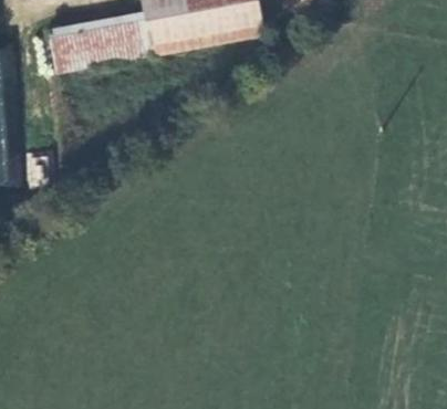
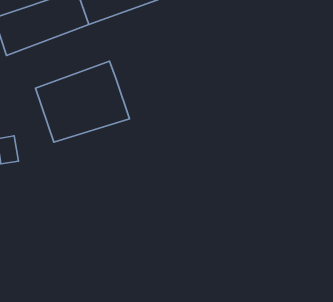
building: none -> [36,61,130,142]

